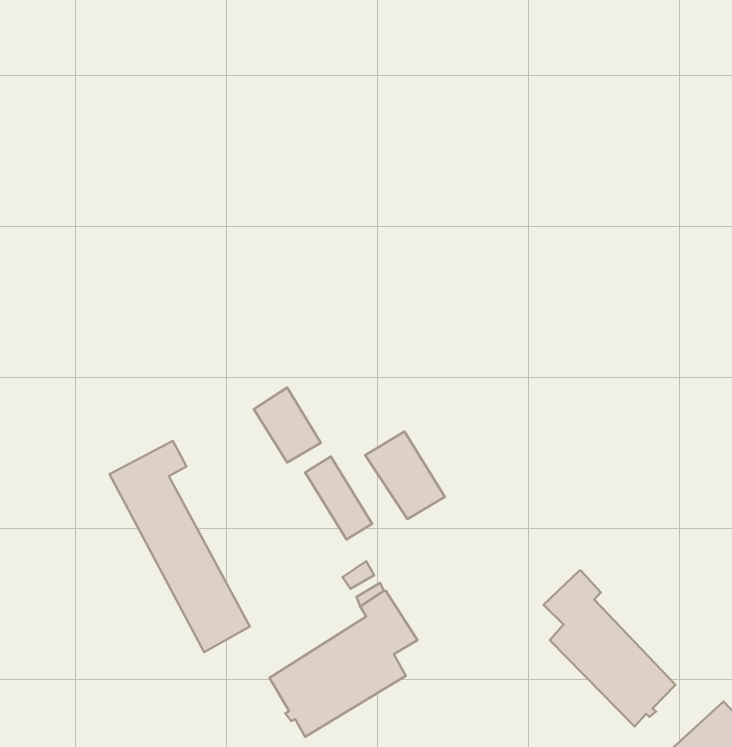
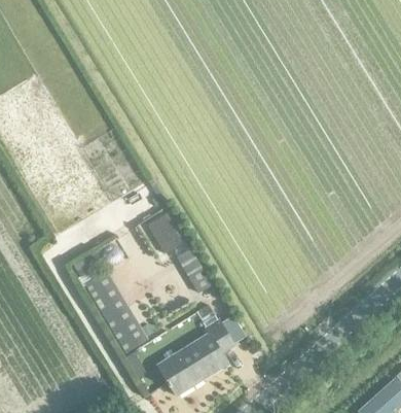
building: [365,432,445,519] -> none
building: [544,570,675,727] -> none

